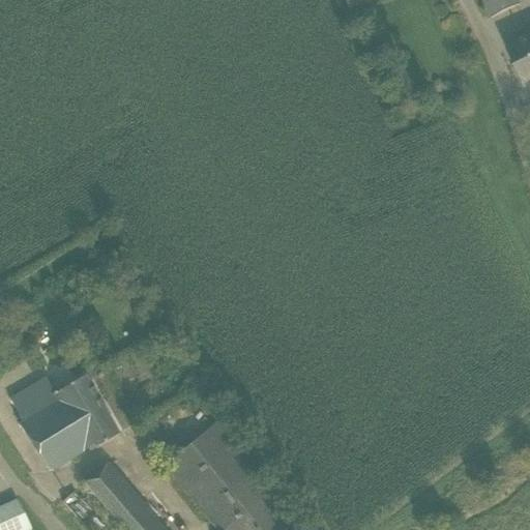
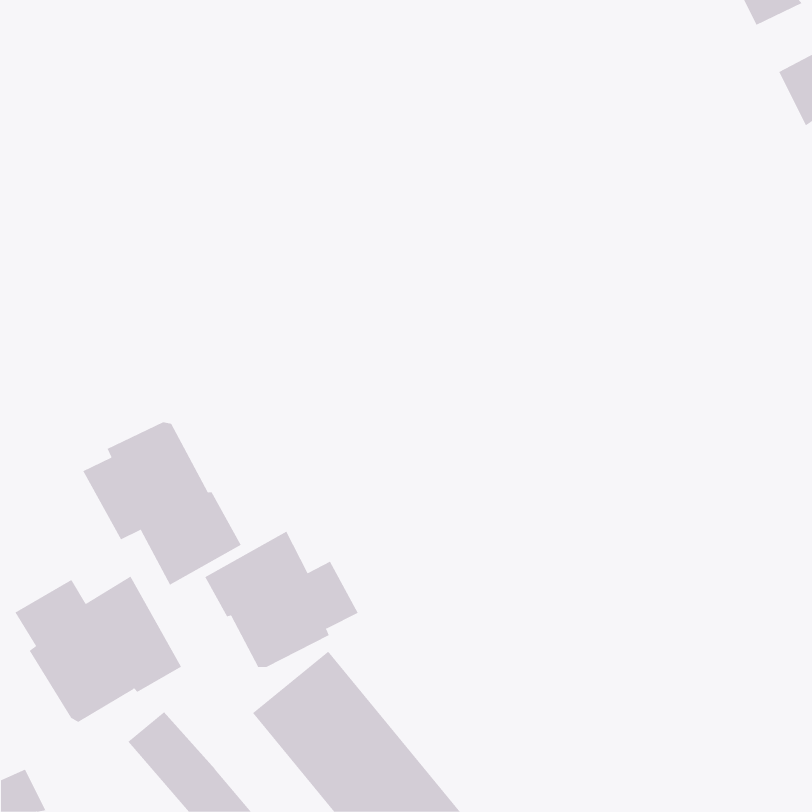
building: none -> [83,422,242,585]
building: none -> [205,531,358,668]

